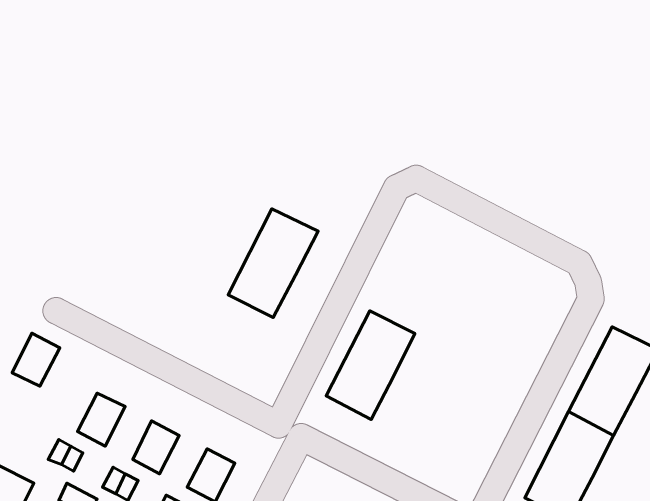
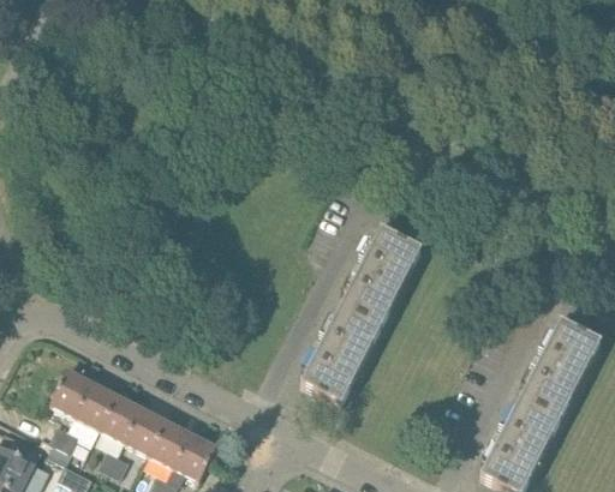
building: [228,209,318,317] -> [339,229,420,328]
building: [12,333,60,386] -> [48,368,91,416]
building: none -> [98,394,141,442]
building: none -> [148,420,191,467]

